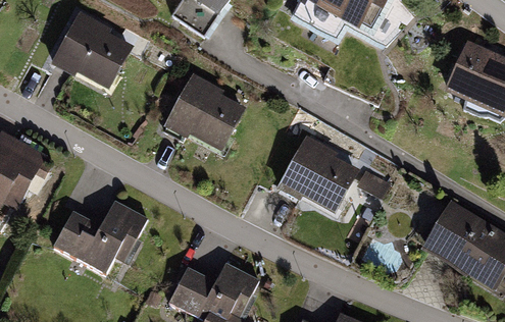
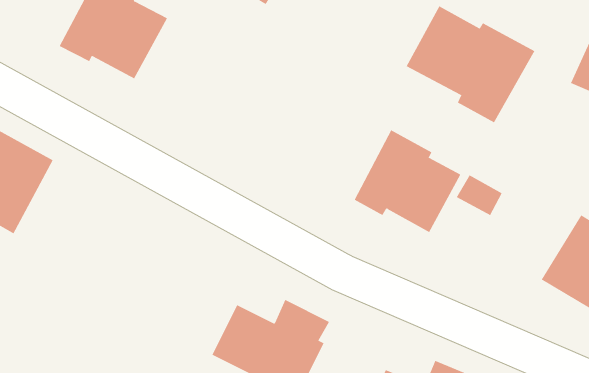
building: none -> [406,6,535,123]
building: [163,75,246,157] -> none
building: [52,202,147,277] -> none

